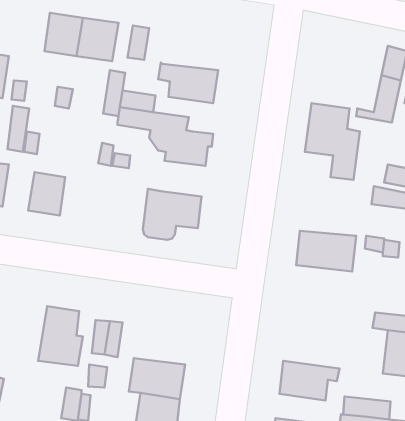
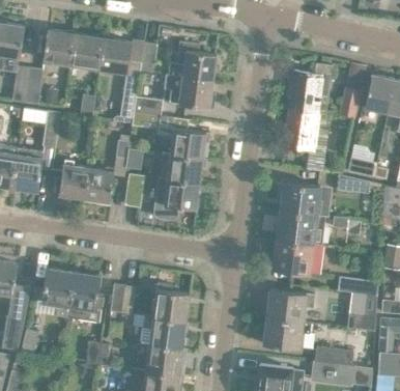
building: none -> [42,30,76,65]
building: none -> [167,41,216,81]
building: none -> [288,63,332,113]
building: none -> [161,153,205,184]
building: none -> [84,168,114,202]
building: none -> [119,170,144,207]
building: none -> [279,183,331,216]
building: none -> [272,240,312,274]
building: none -> [41,269,74,317]
building: none -> [152,283,189,320]
building: none -> [265,289,314,323]

